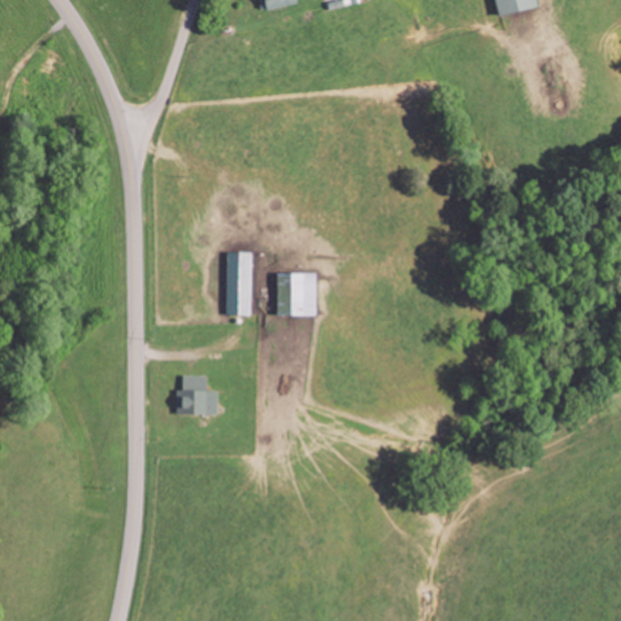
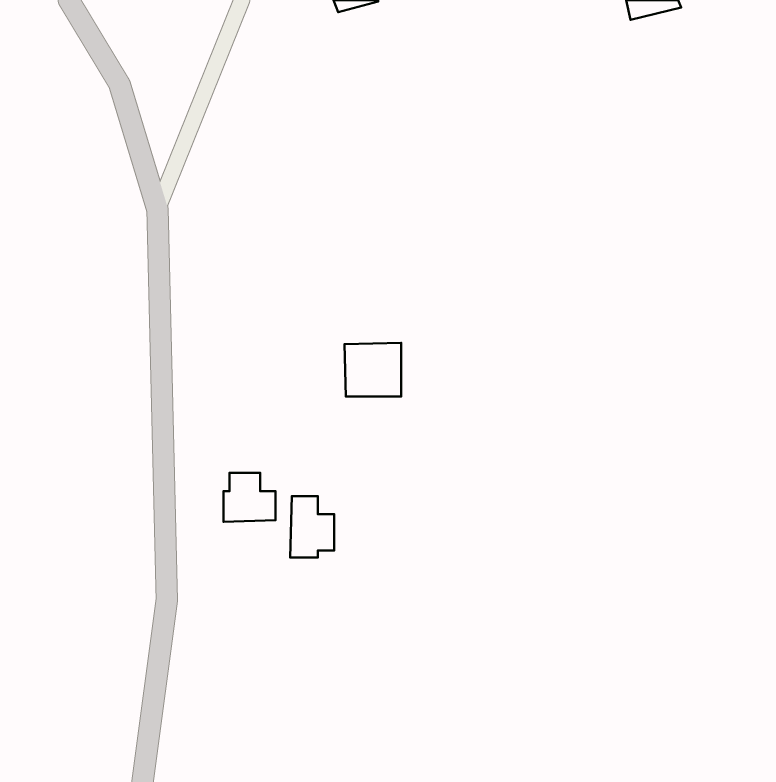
building: [226,251,252,314] -> none
building: none -> [290,496,334,558]

